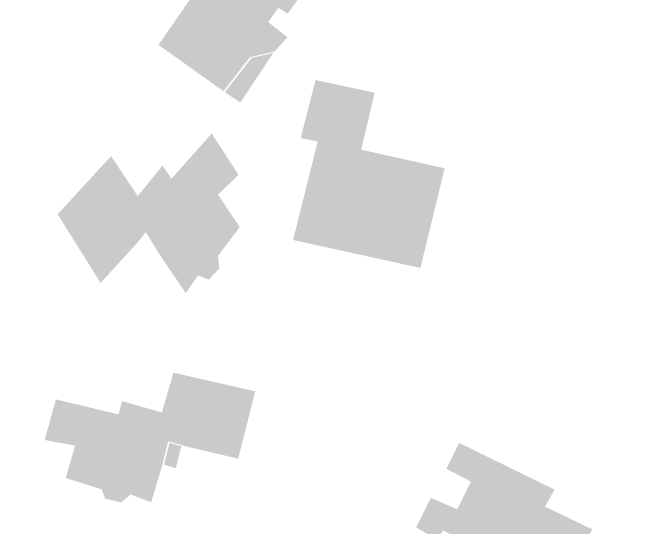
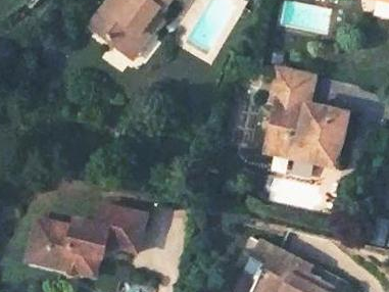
building: [292,79,446,269] -> [264,66,347,168]
building: [57,132,240,294] -> none

